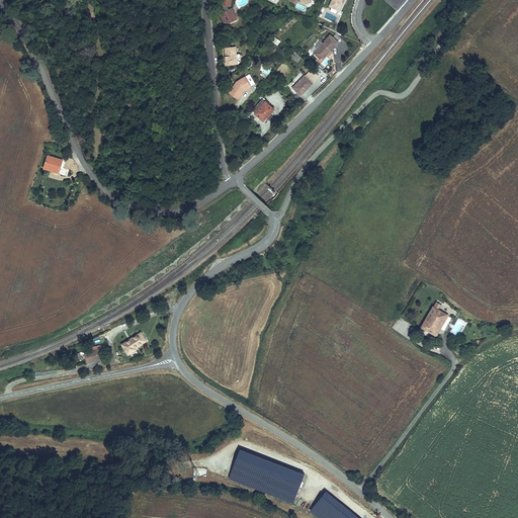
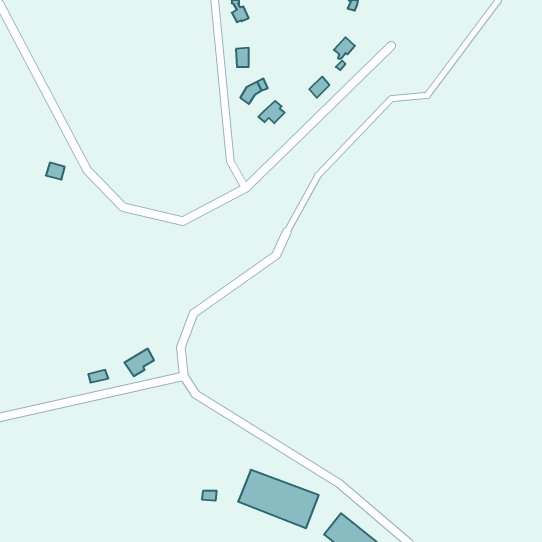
building: [420,304,448,339] -> none

